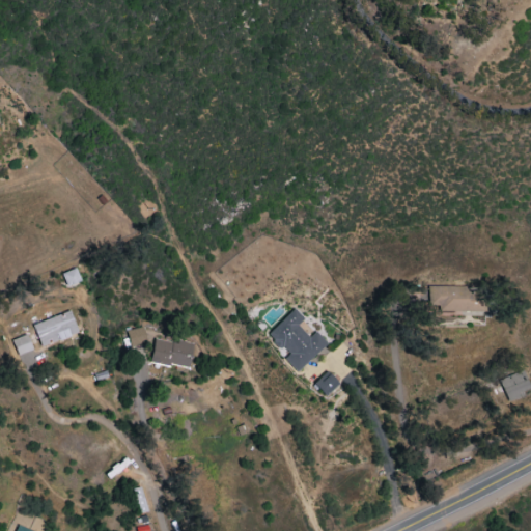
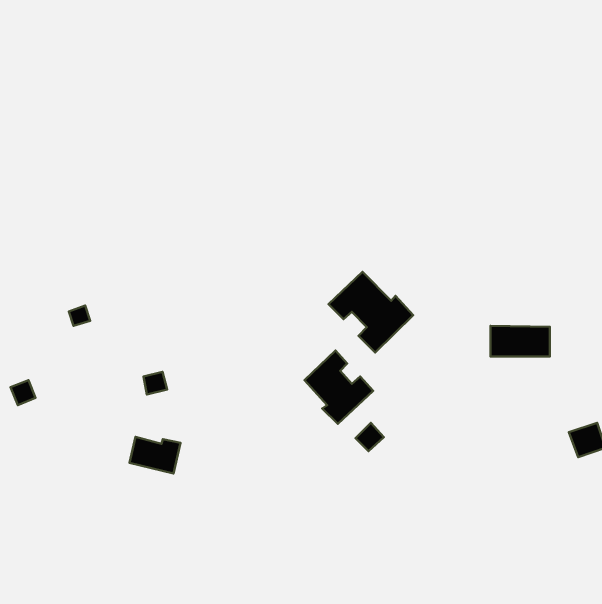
building: none -> [328,272,413,353]
building: [35,311,79,344] -> none
building: [151,337,196,369] -> [130,437,181,474]

